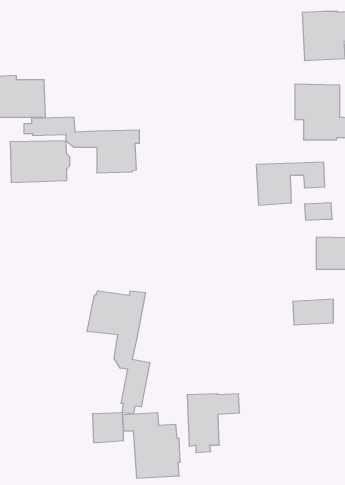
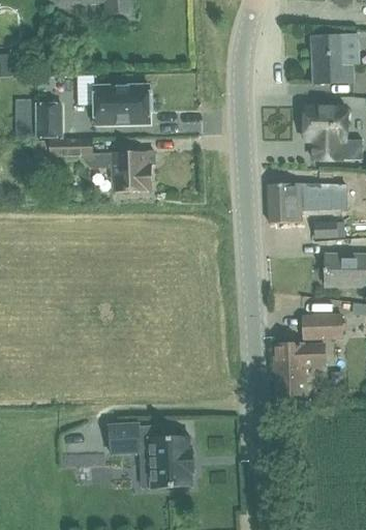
building: [10,141,70,183] -> [94,84,152,124]
building: [87,291,150,414] -> none
building: [187,394,240,453] -> [274,344,325,401]

